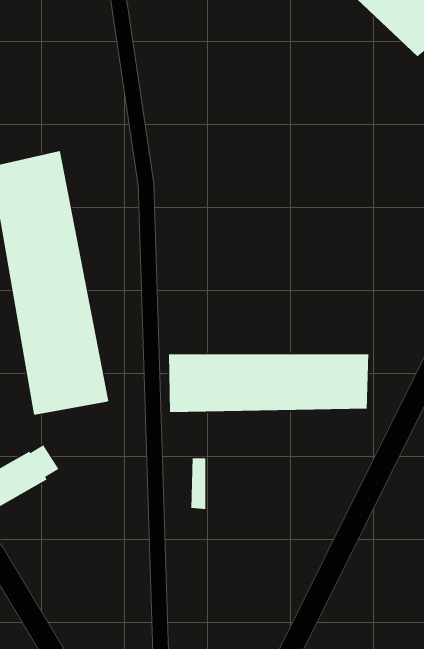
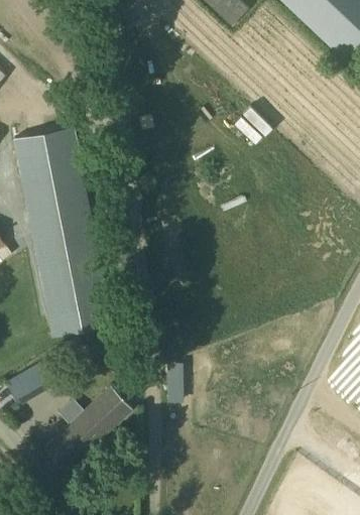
building: [168,353,369,413] -> none
building: none -> [42,384,131,471]

